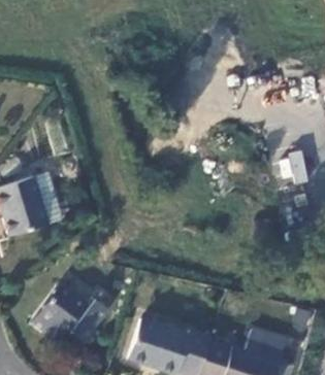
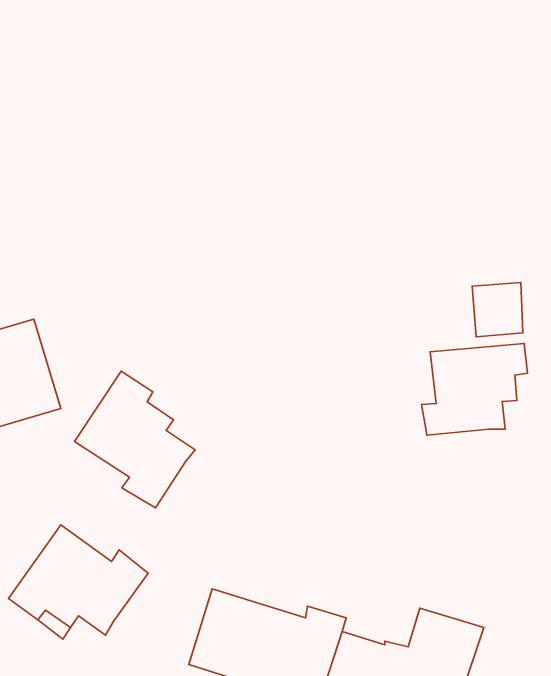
building: none -> [422,344,528,435]
building: none -> [75,371,195,508]

